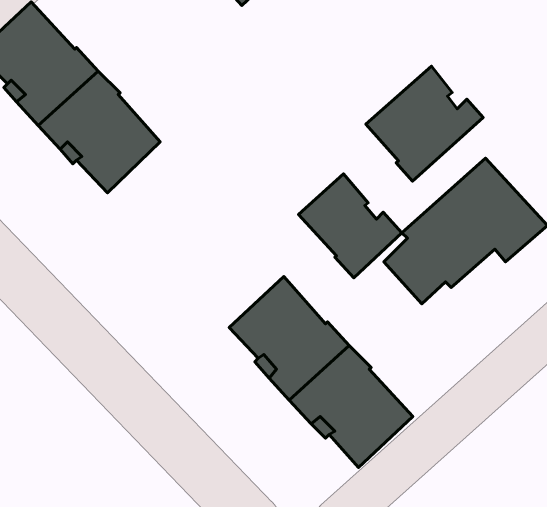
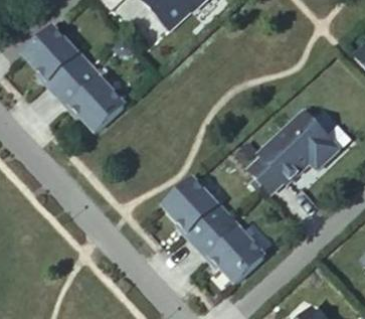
building: [366,66,483,181] -> none
building: [298,174,402,278] -> none

